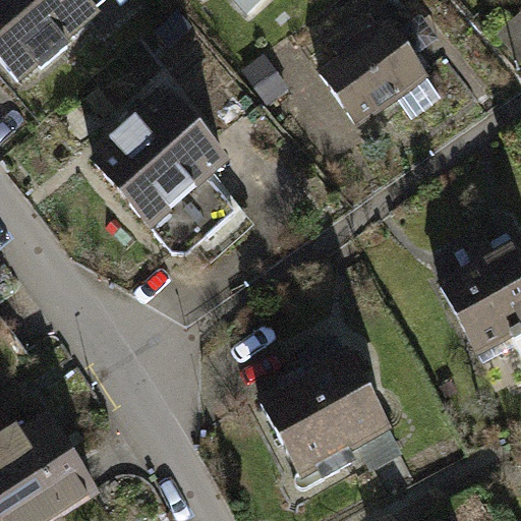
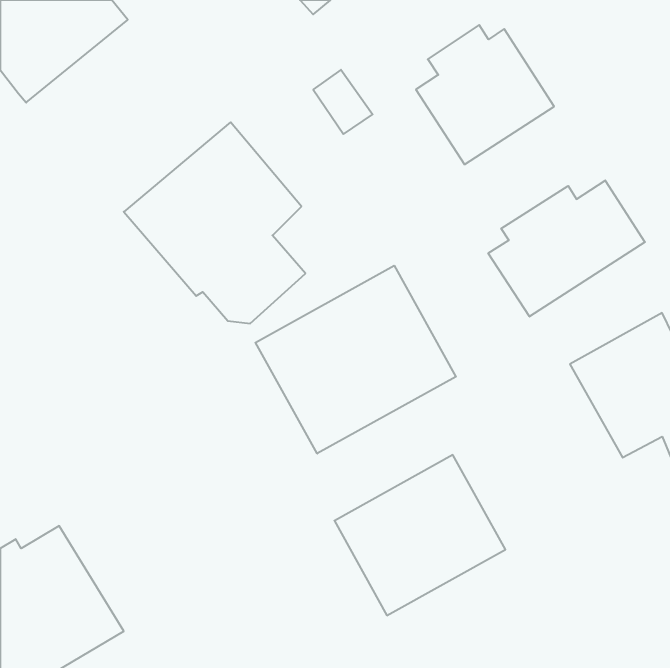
building: none -> [488,180,645,317]
building: none -> [255,266,456,454]

